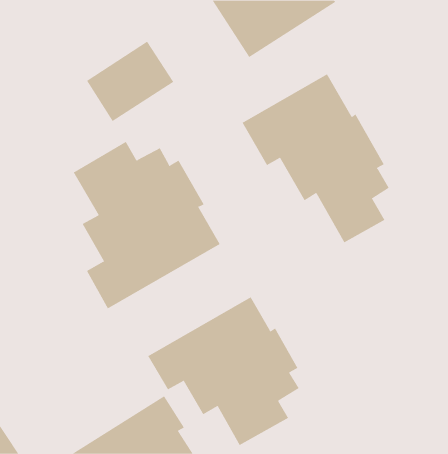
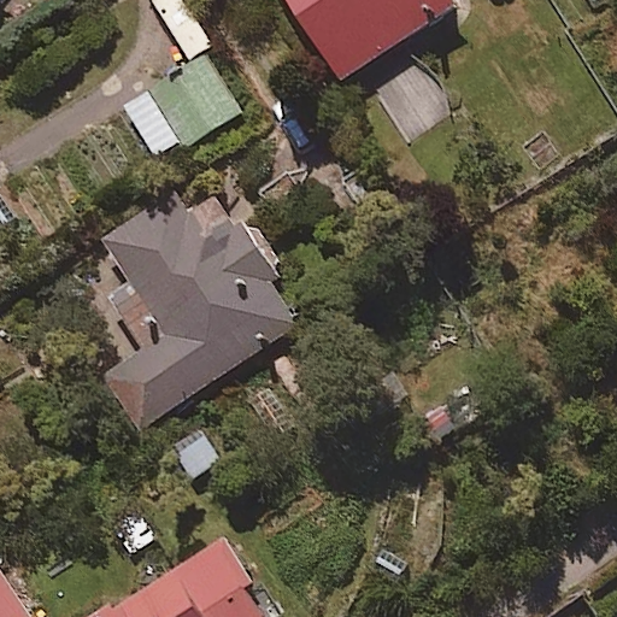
building: [242,74,390,243] -> none
building: [148,297,299,446] -> none

